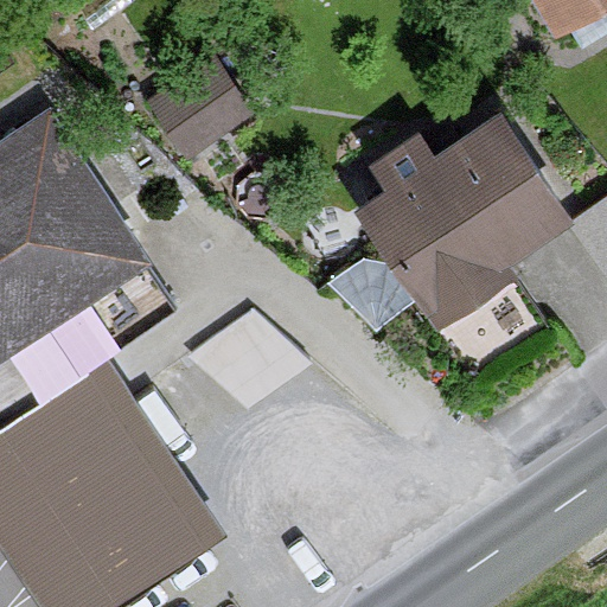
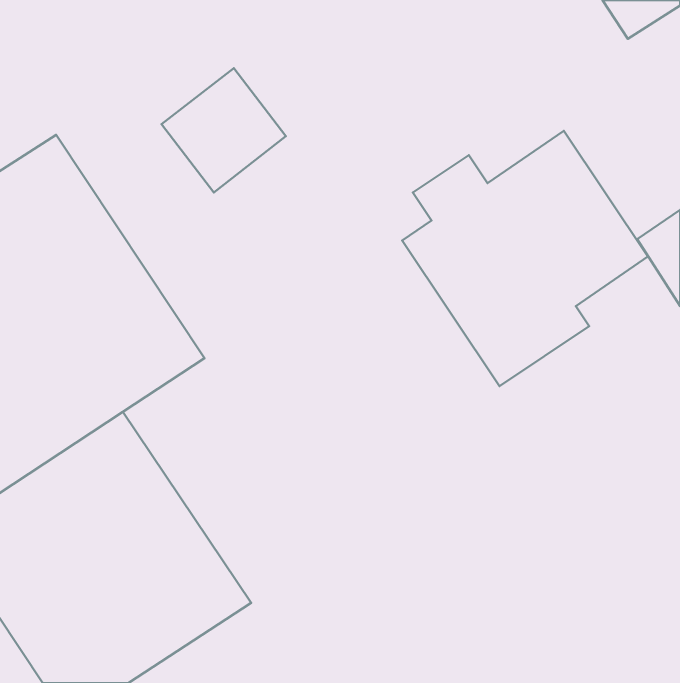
building: [193,293,306,405] -> none

